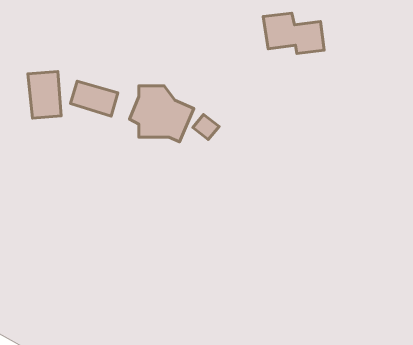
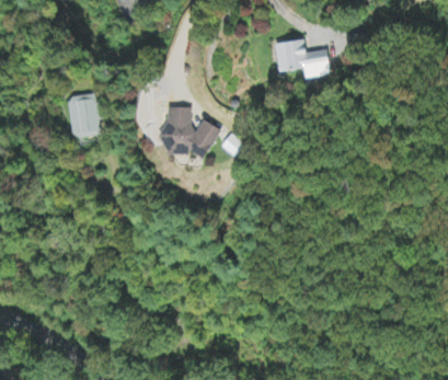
building: [71,81,118,116] -> none

